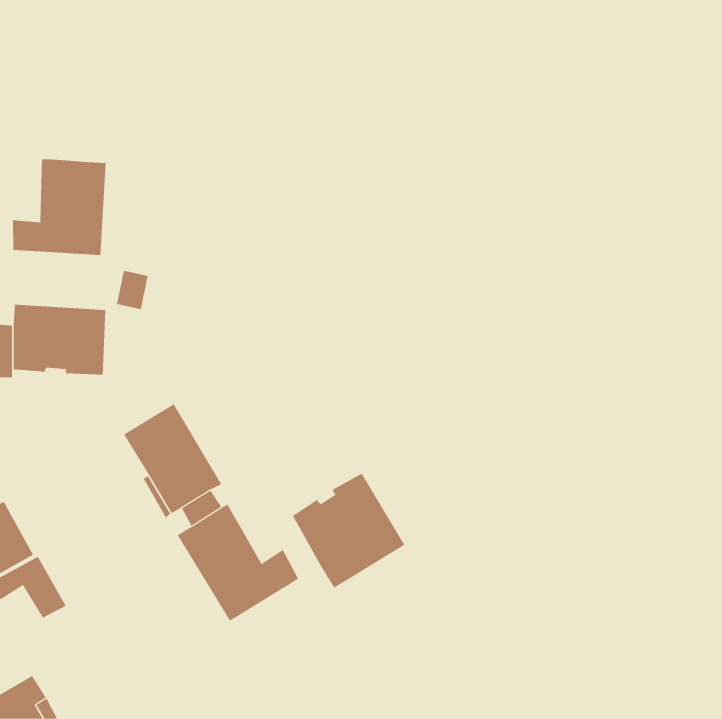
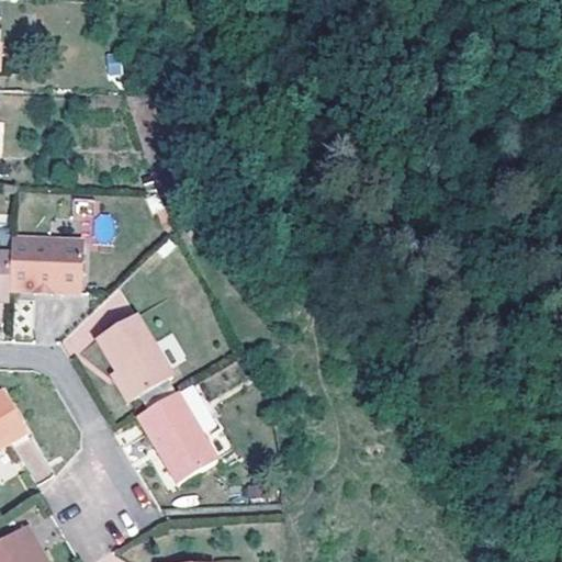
building: [12,159,106,256] -> none
building: [292,473,405,589] -> none

